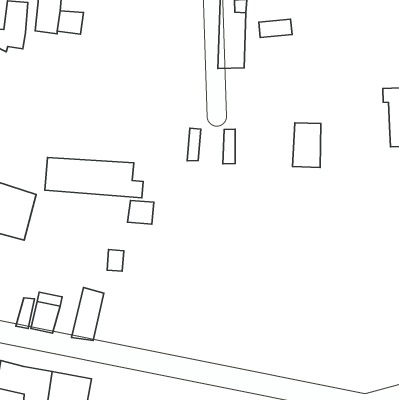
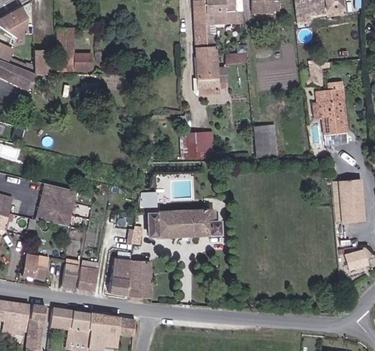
building: none -> [190,132,206,158]
building: [45,157,143,198] -> [144,210,215,235]
building: none -> [122,260,149,295]

